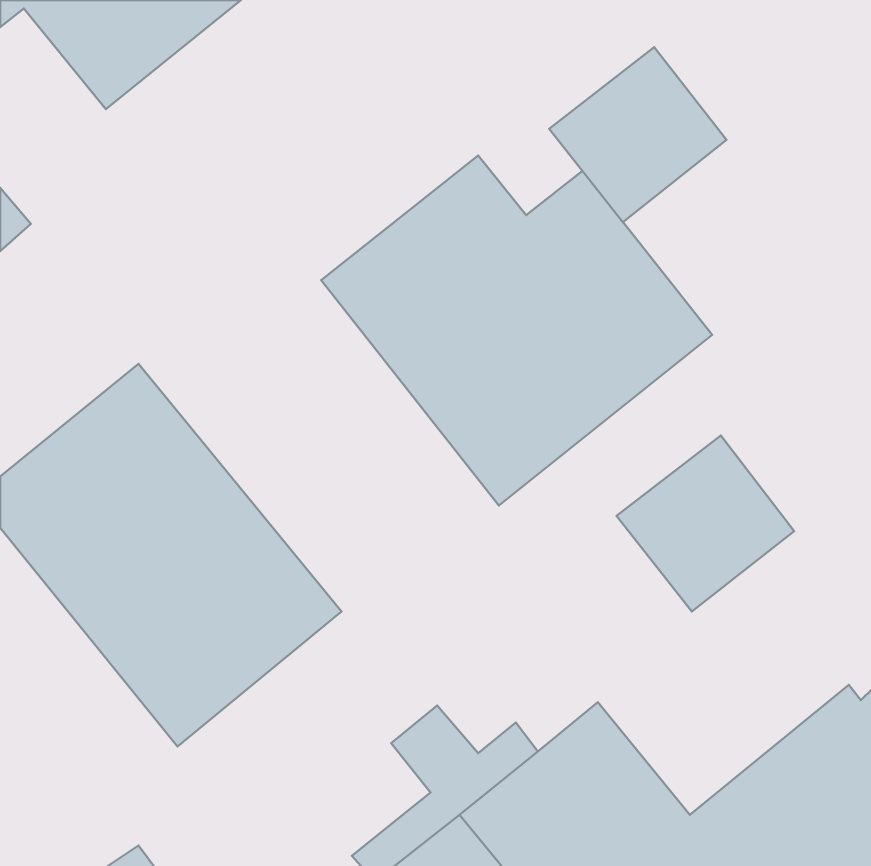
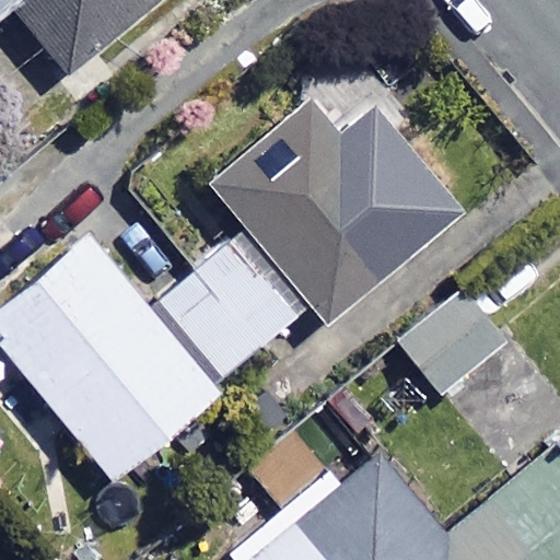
building: [549,47,726,222] -> none
building: none -> [159,242,294,378]

